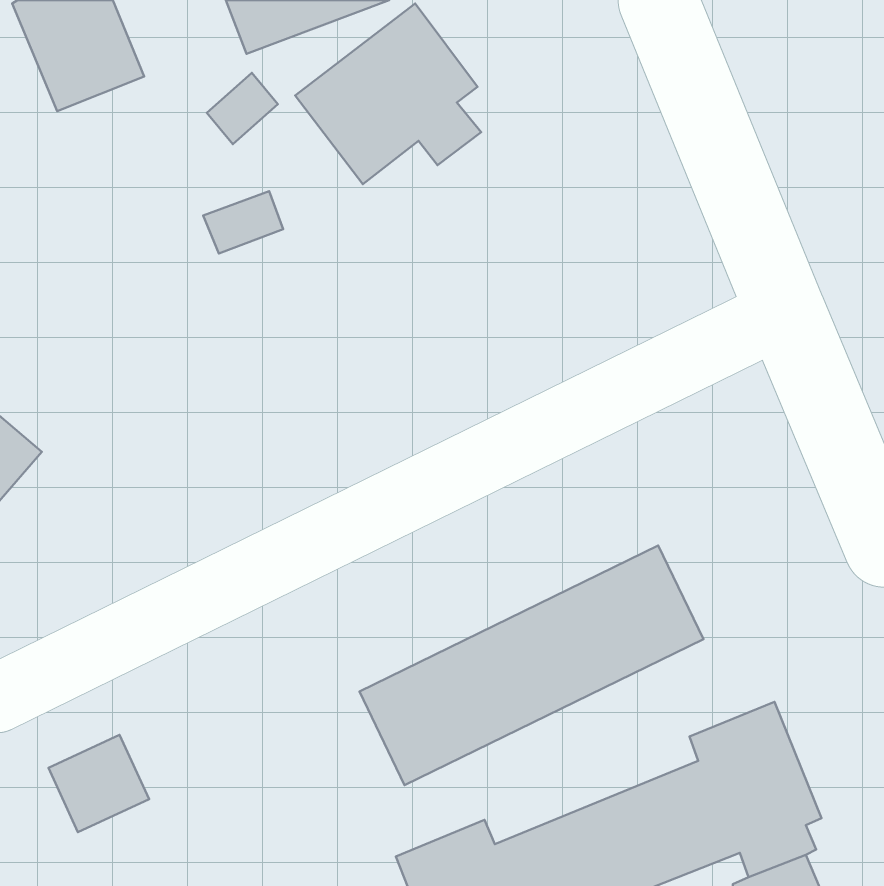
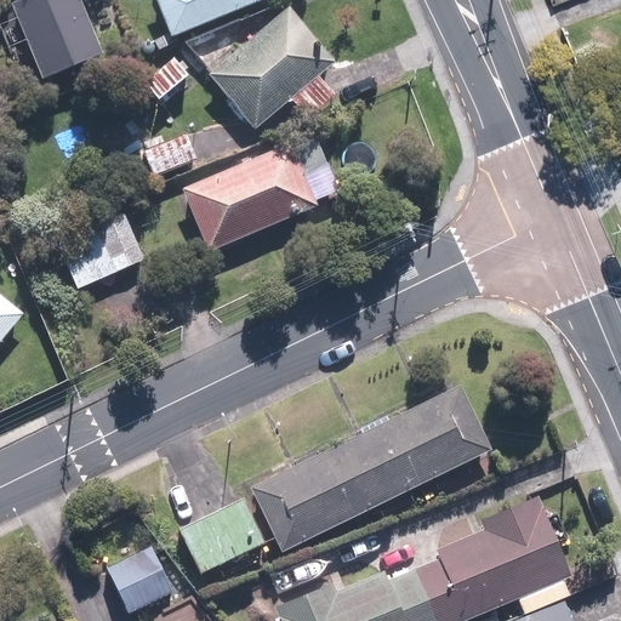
building: none -> [181,131,327,253]
building: none -> [59,215,144,290]
building: none -> [177,495,268,576]
building: [48,735,149,832] -> [108,546,178,614]

